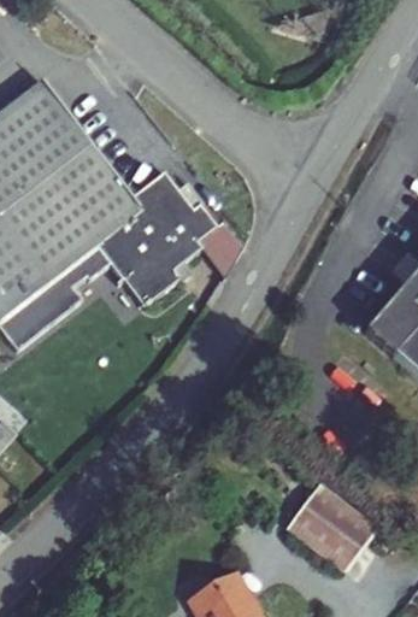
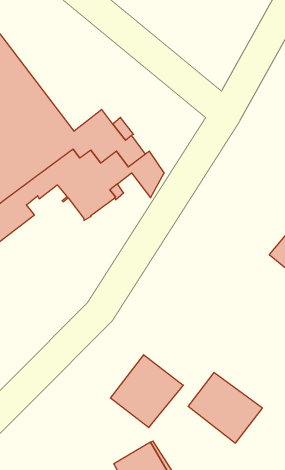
building: none -> [110,355,183,428]

